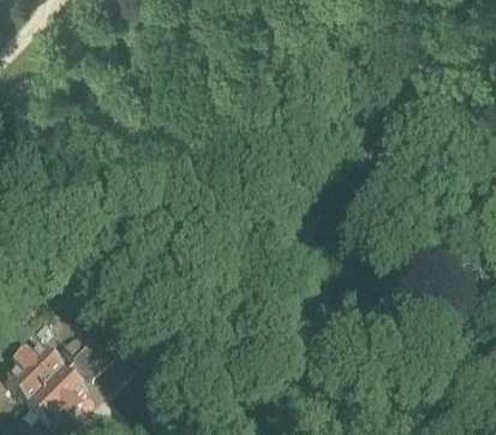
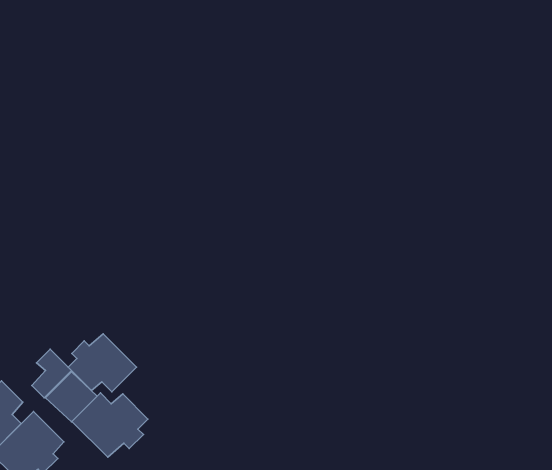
building: none -> [68,334,137,392]
building: none -> [72,393,148,457]

